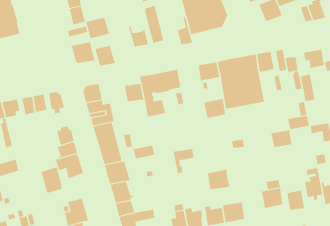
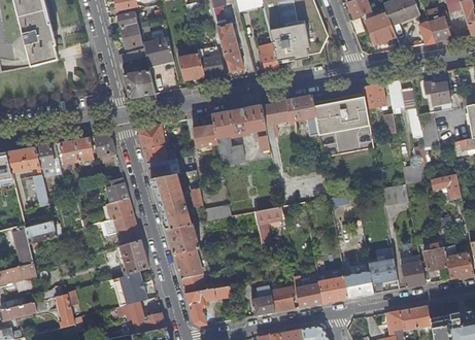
building: [95,45,115,66] -> [178,54,205,80]
building: [204,98,226,118] -> [262,100,291,126]
building: [40,166,63,194] -> [120,239,148,274]
building: [207,169,230,190] -> [345,271,375,298]

